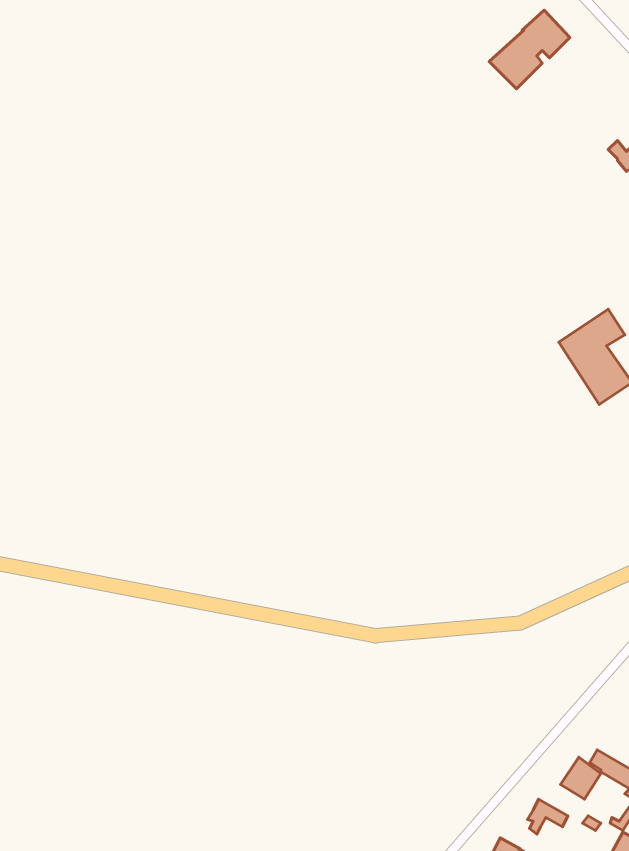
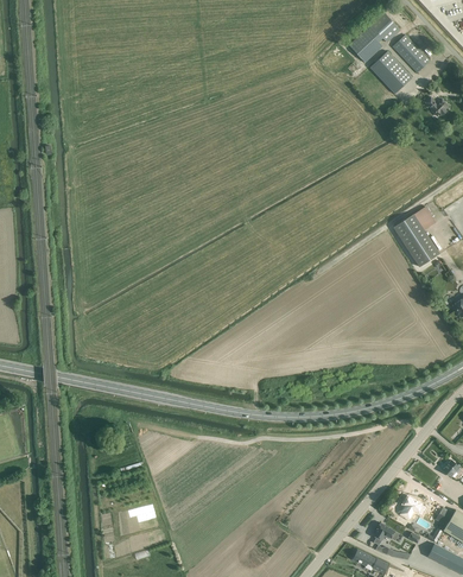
building: none -> [392,34,430,72]
building: none -> [369,51,412,94]

